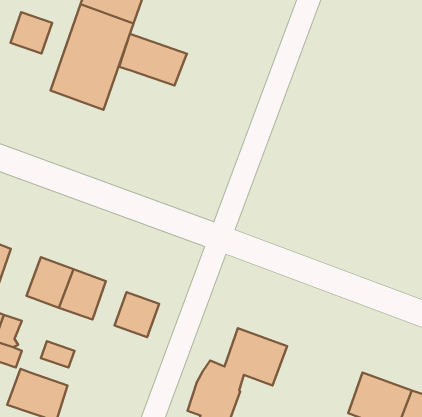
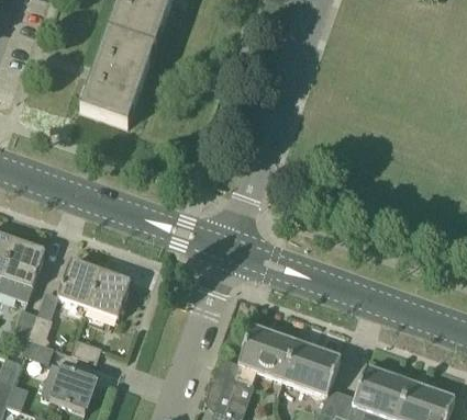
building: [11,12,52,54] -> none
building: [119,34,187,85] -> none
building: [114,292,159,337] -> none
building: none -> [283,341,341,394]

